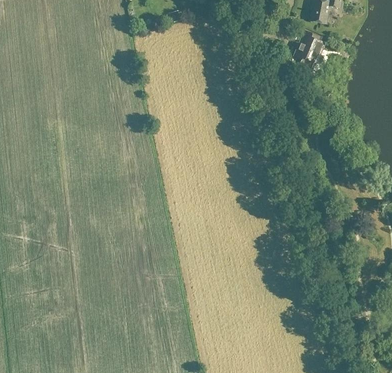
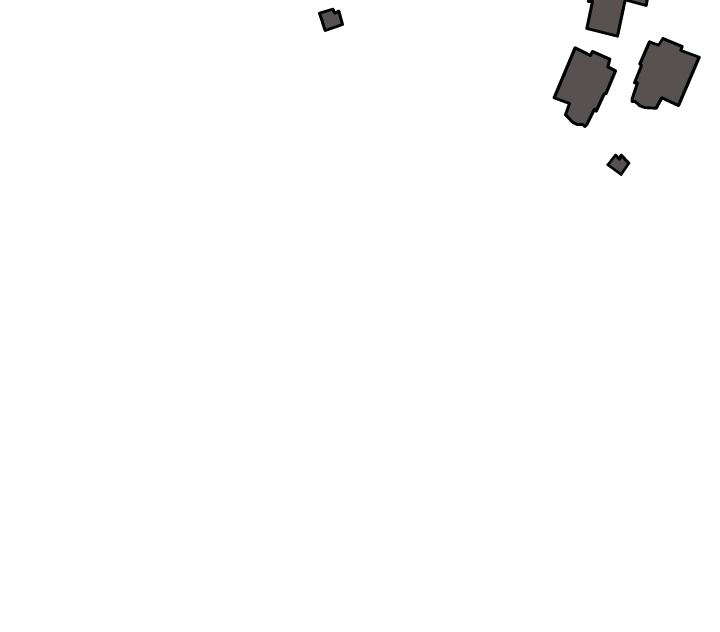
building: none -> [632,39,699,108]

